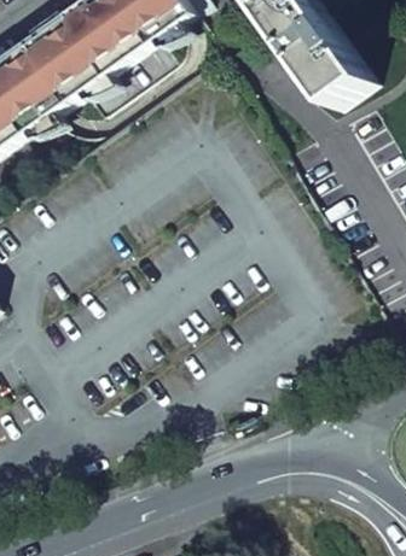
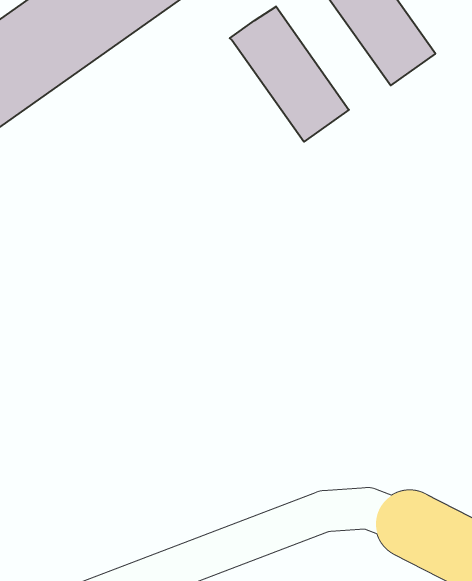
building: none -> [230,6,349,142]

